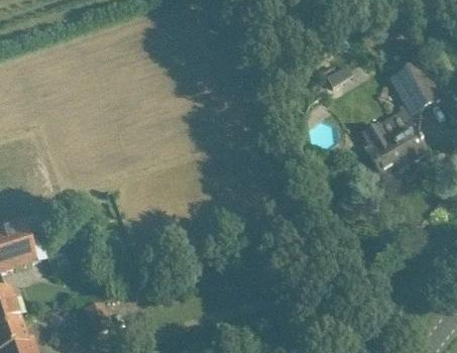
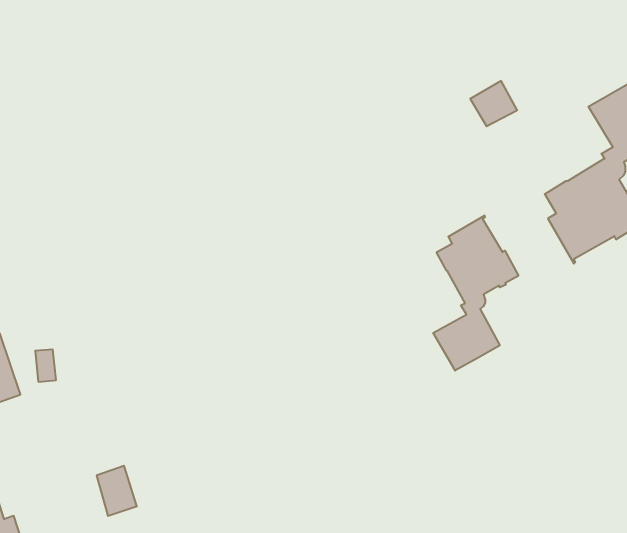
building: none -> [433,215,518,371]

